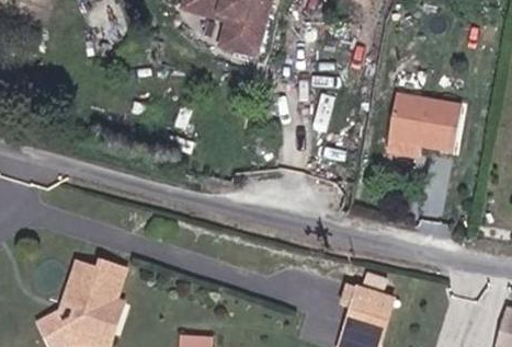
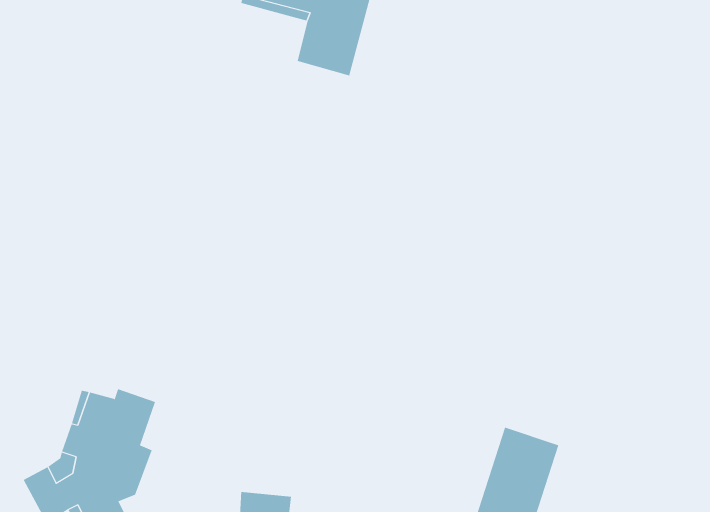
building: [387,94,462,152] -> none

